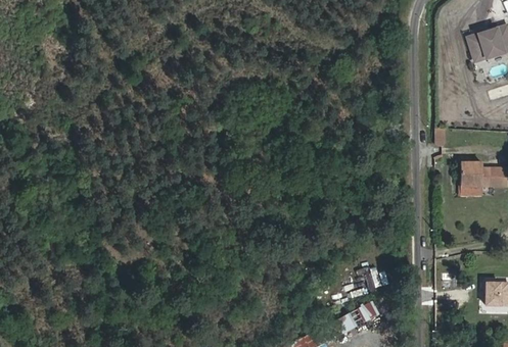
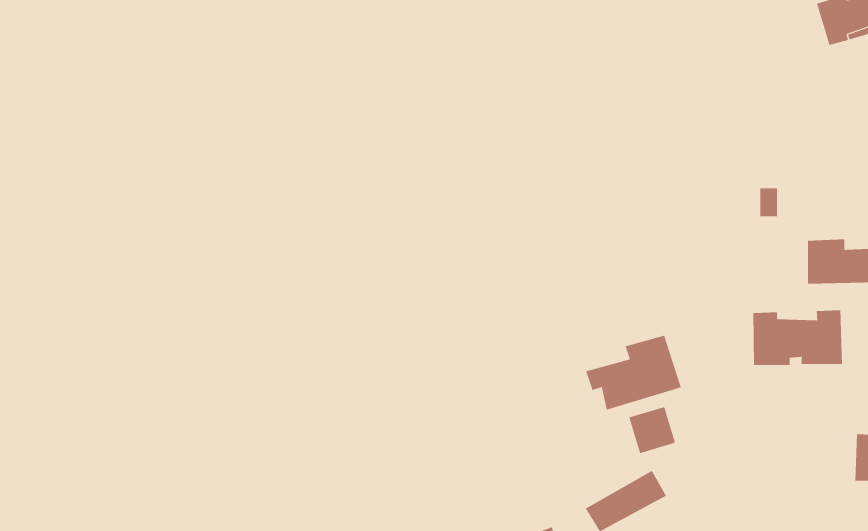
building: none -> [753,310,842,366]
building: none -> [586,335,682,410]

